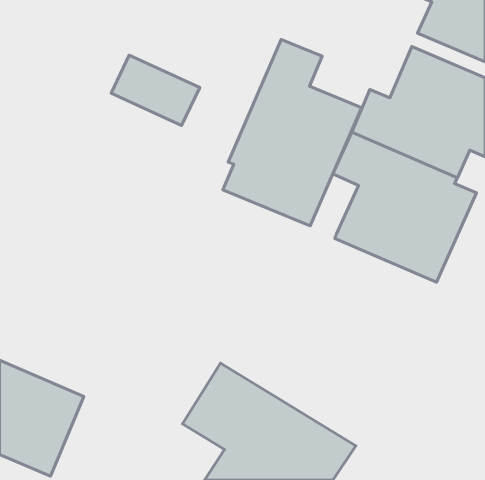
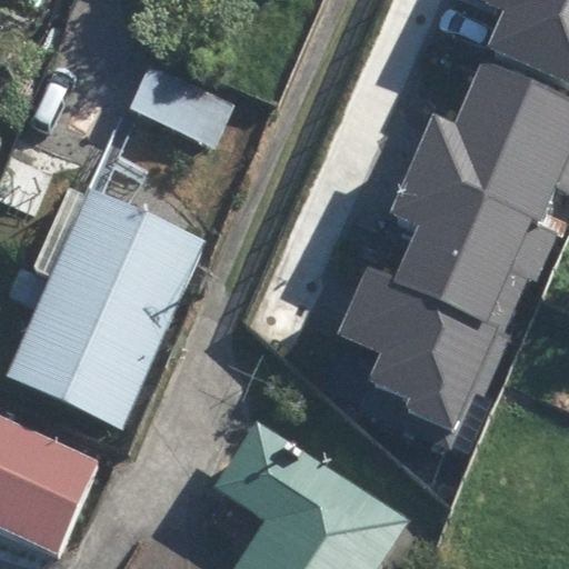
building: [223,40,362,226] -> none
building: none -> [8,196,204,432]
building: none -> [339,262,510,426]

